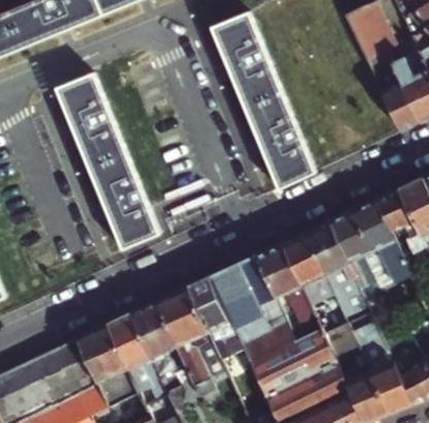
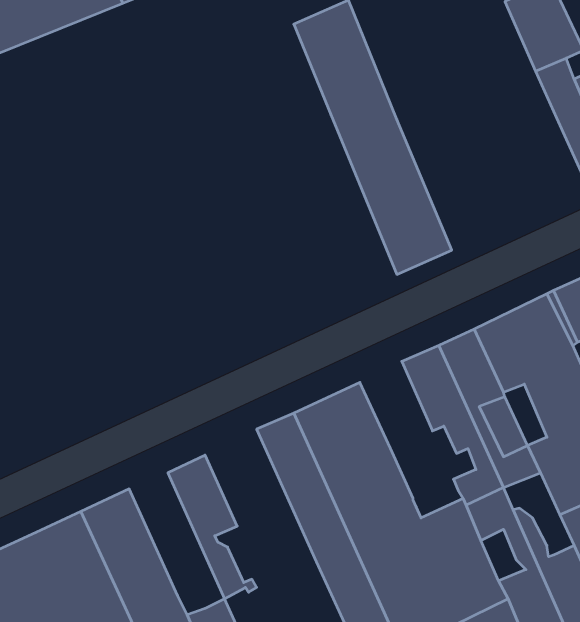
building: [57,71,155,246] -> none
building: [253,243,316,332] -> none
building: [153,286,225,388] -> none
building: [105,314,166,401] -> none

